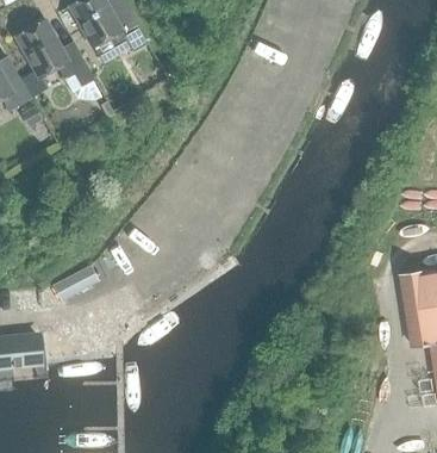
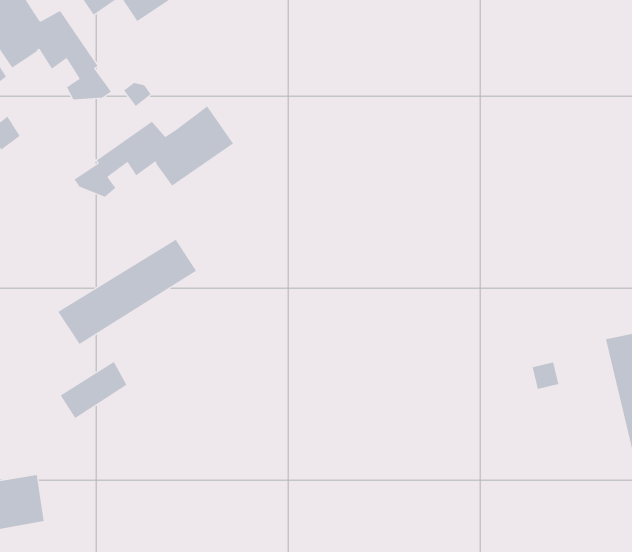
building: none -> [74,105,234,198]
building: none -> [57,239,197,345]

